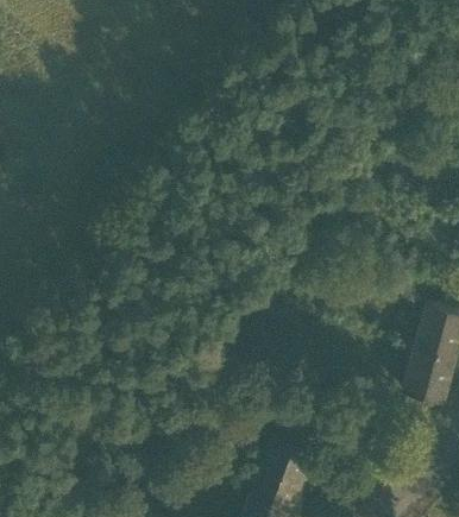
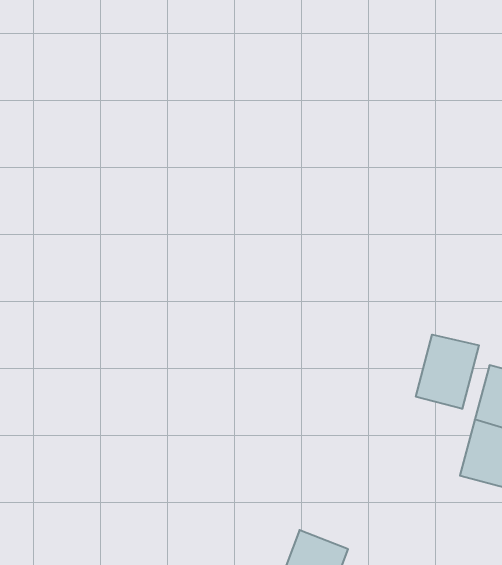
building: none -> [416,335,479,409]

